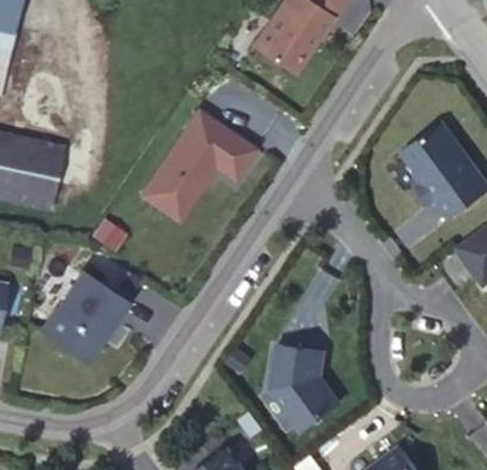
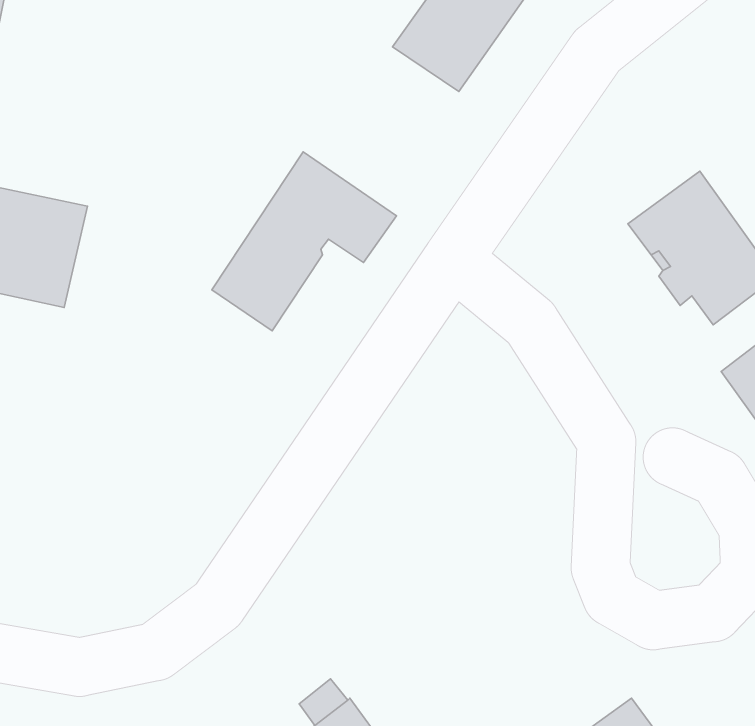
building: [43,272,128,363] -> none
building: [271,345,341,427] -> none

